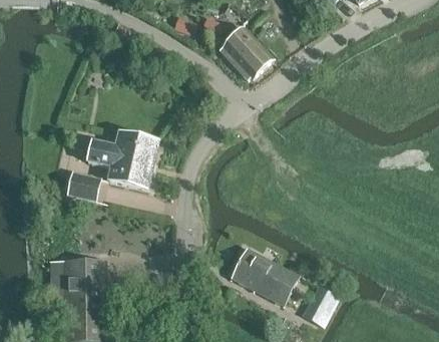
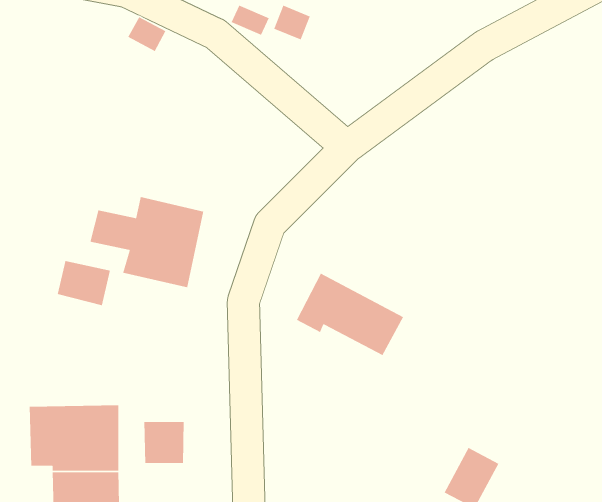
building: [220,27,273,78] -> none
building: [232,249,298,300] -> [296,273,404,356]
building: none -> [143,421,185,464]

